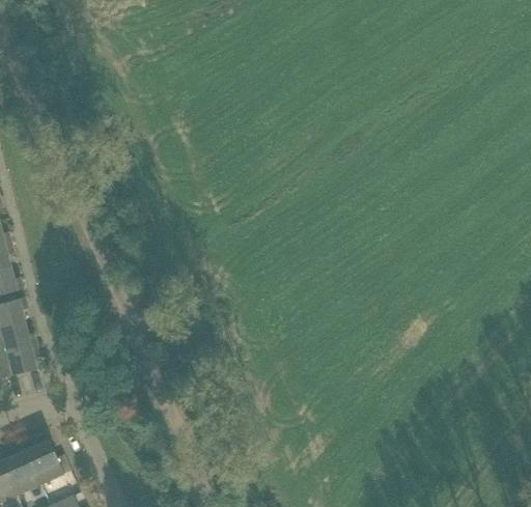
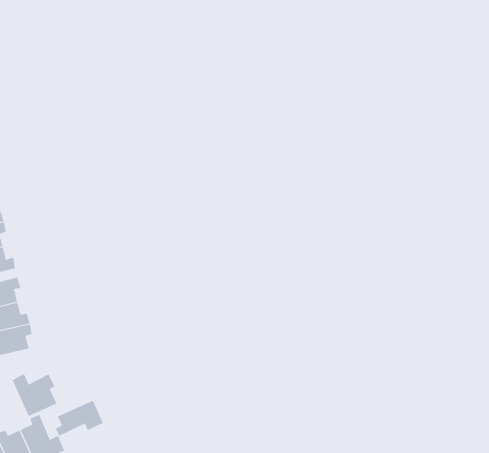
building: none -> [12,373,57,417]
building: none -> [55,400,103,436]

